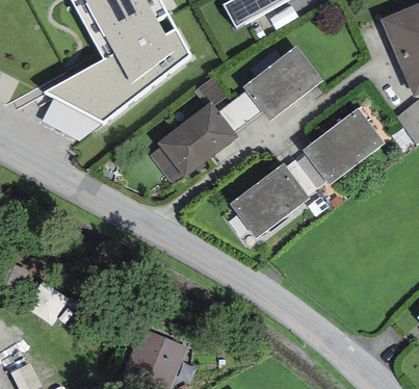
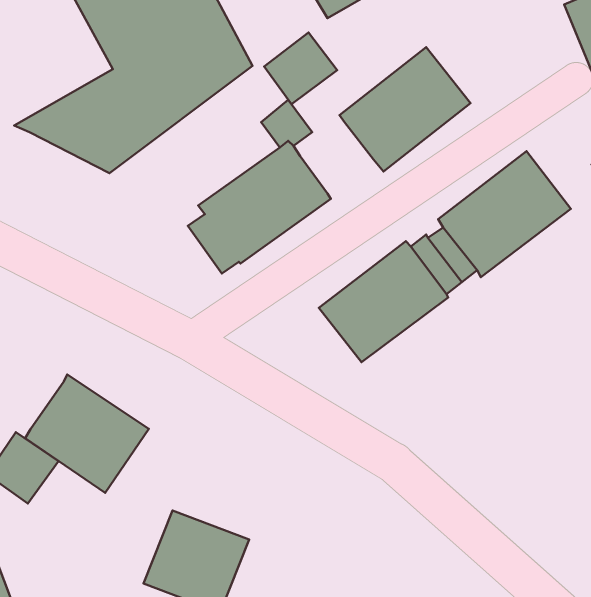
building: [218,90,263,134] -> [264,33,337,104]
building: [41,97,102,140] -> none
building: none -> [25,374,149,493]

